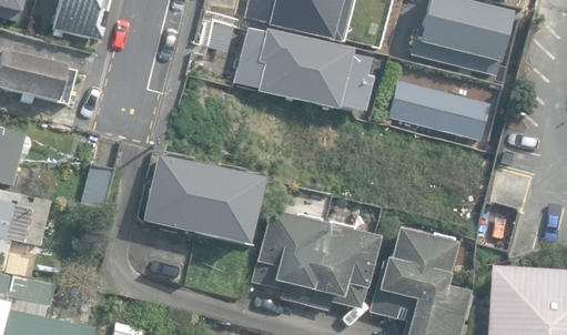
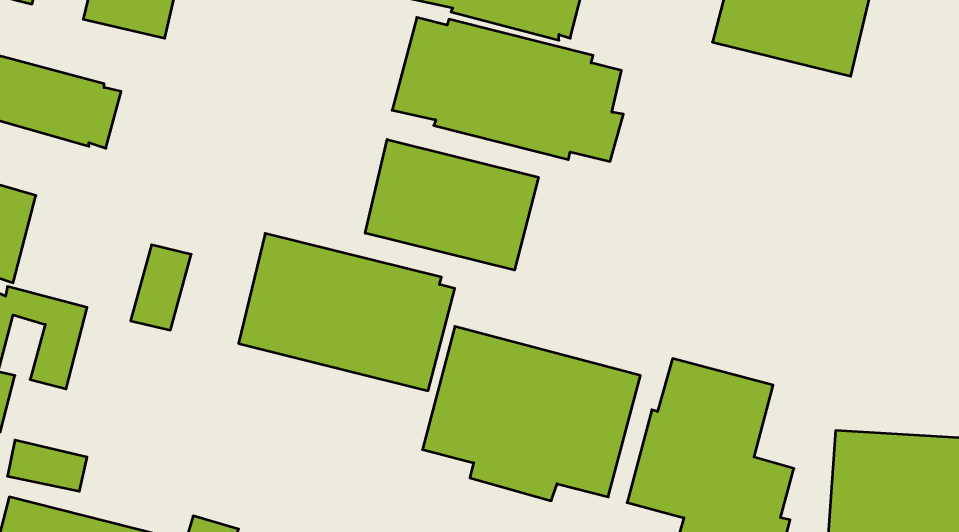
building: [388,77,490,138] -> none
building: none -> [365,139,538,270]

